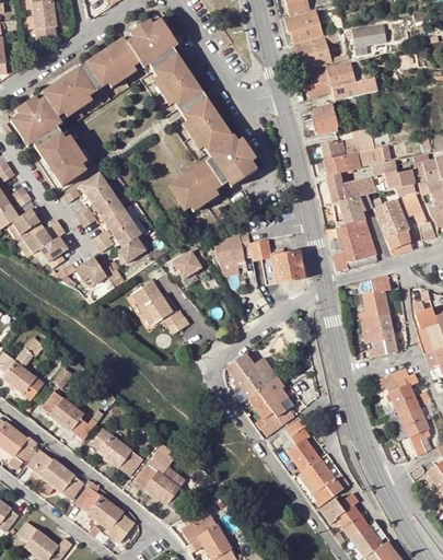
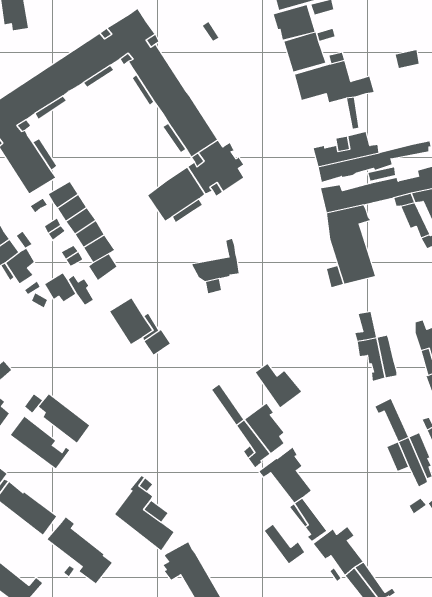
building: [352,23,386,46] -> none
building: [312,103,338,135] -> none
building: [372,198,412,256] -> none
building: [250,241,305,284] -> none
building: [173,248,209,282] -> none
building: [371,273,397,317] -> none
building: [234,351,278,393] -> [255,363,302,408]
building: [393,368,419,409] -> none
building: [94,429,142,475] -> [38,394,90,443]
building: [311,458,349,495] -> [264,524,305,564]

